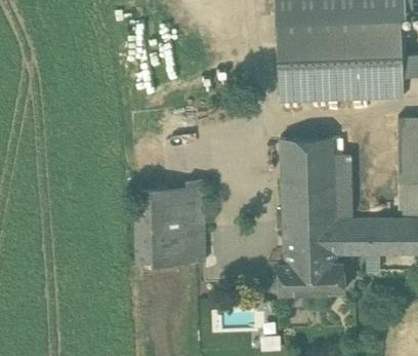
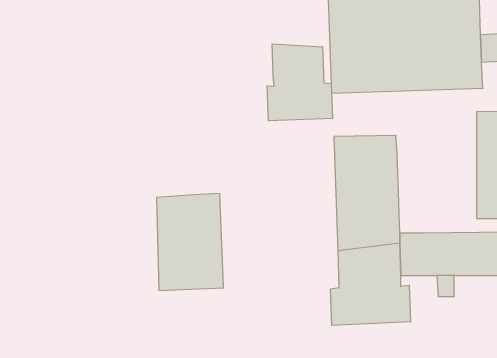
building: none -> [267,44,333,121]
building: [333,152,354,219] -> none
building: [186,180,205,263] -> none

